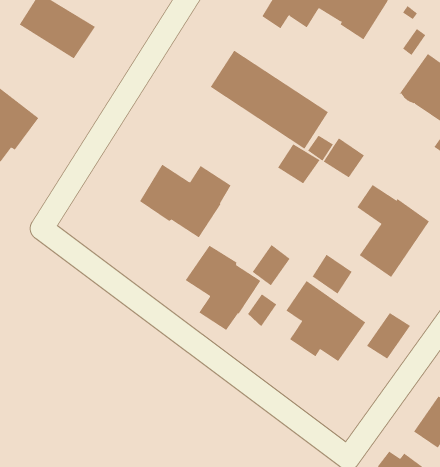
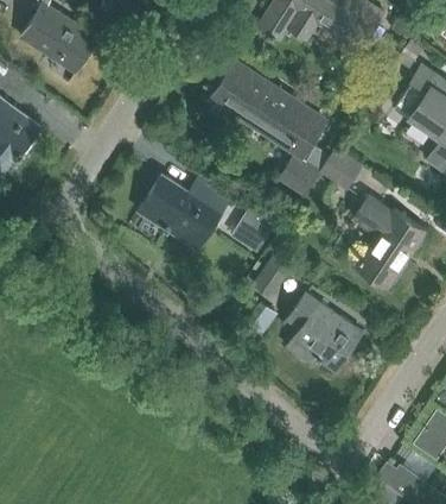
building: none -> [230,209,274,254]
building: [185,245,261,331] -> none
building: [312,254,352,295] -> none
building: [366,312,411,360] -> none

